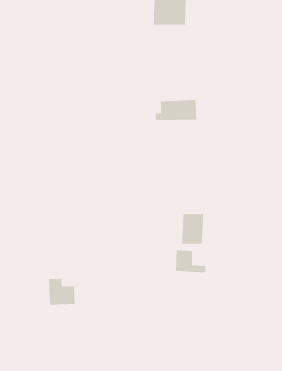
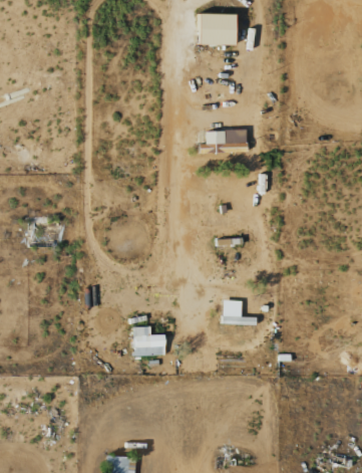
building: [182,213,204,244] -> none
building: [48,279,76,305] -> [135,326,166,357]

